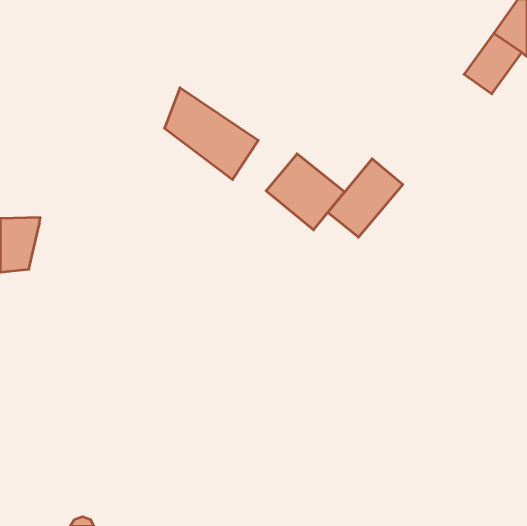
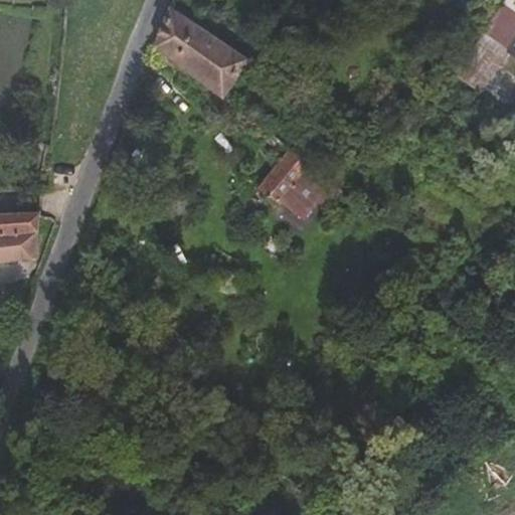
building: [164,88,258,180] -> [155,7,246,97]
building: [328,159,403,237] -> none

